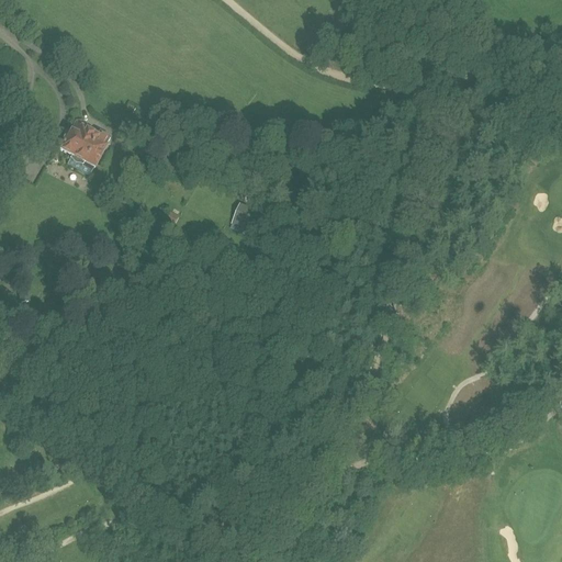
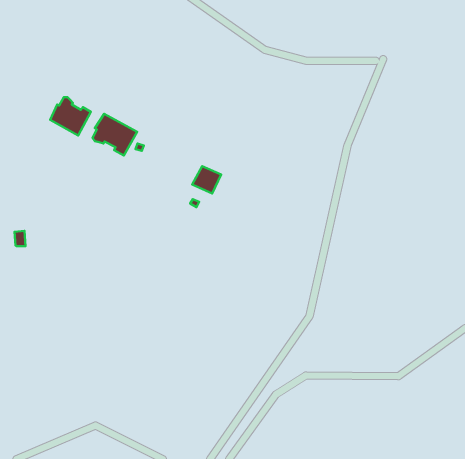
building: none -> [92,114,137,156]

